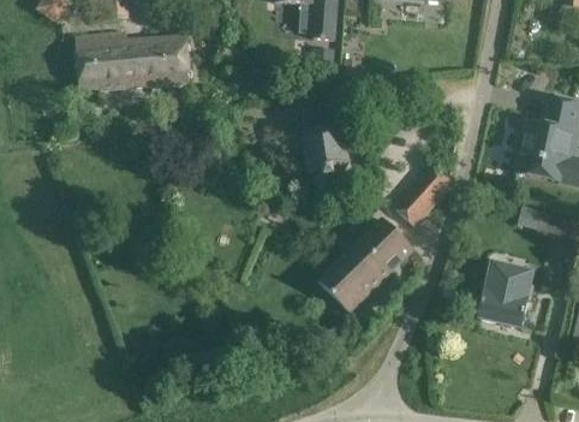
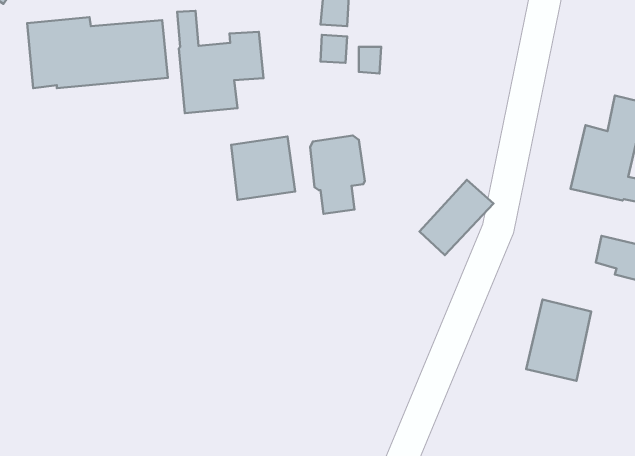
building: none -> [177,11,264,113]
building: none -> [231,137,295,200]
building: [318,215,414,310] -> none

